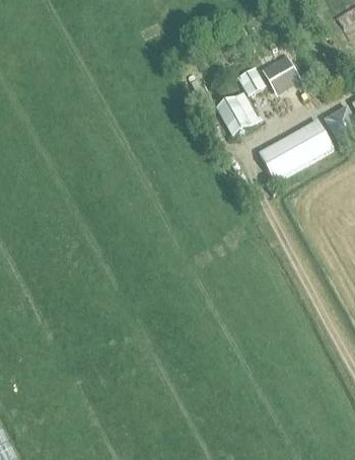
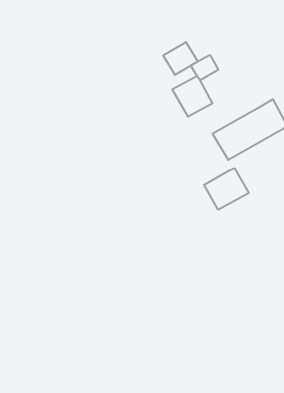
building: [261,54,297,88] -> [163,42,198,75]
building: none -> [204,168,249,210]

